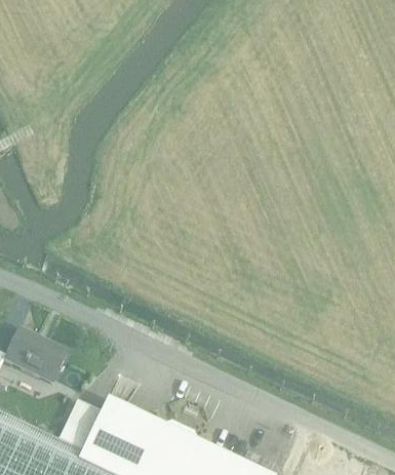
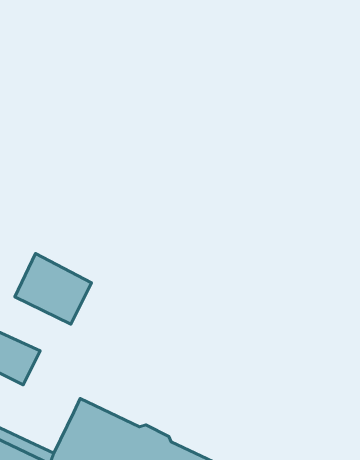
building: none -> [15,254,91,324]
building: [56,404,100,456] -> none

